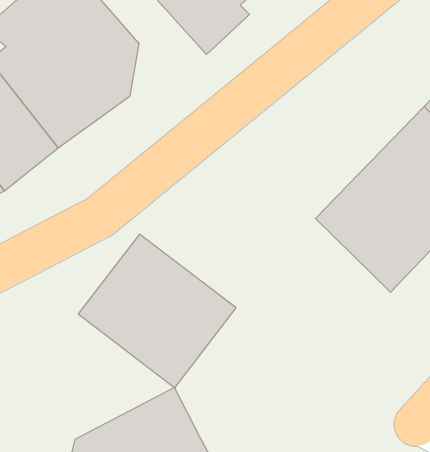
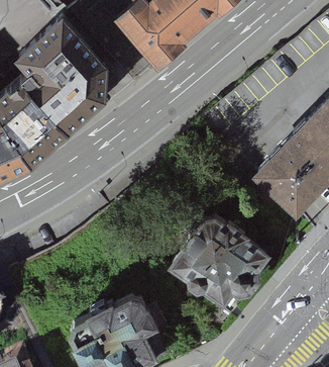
building: [78,234,236,388] -> [169,210,272,311]

